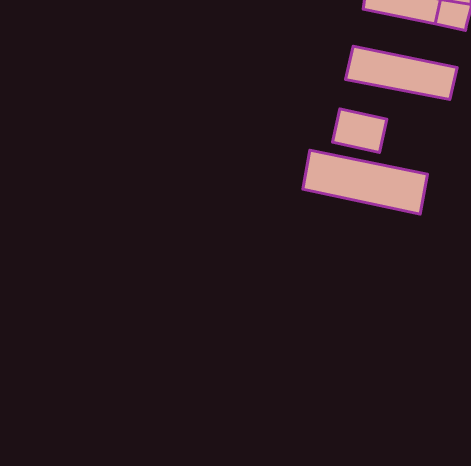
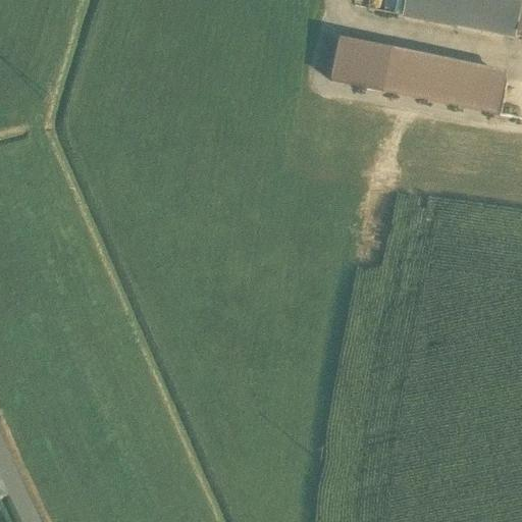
building: [332,109,387,152] -> [330,40,390,88]
building: [303,150,428,214] -> none

